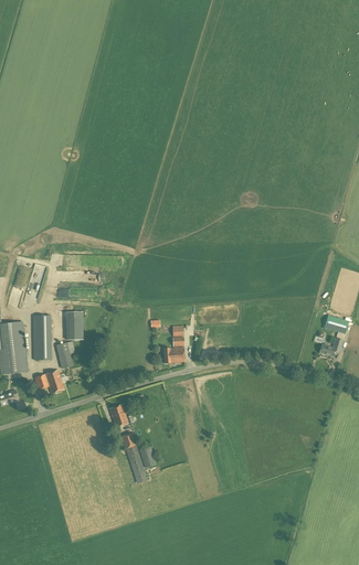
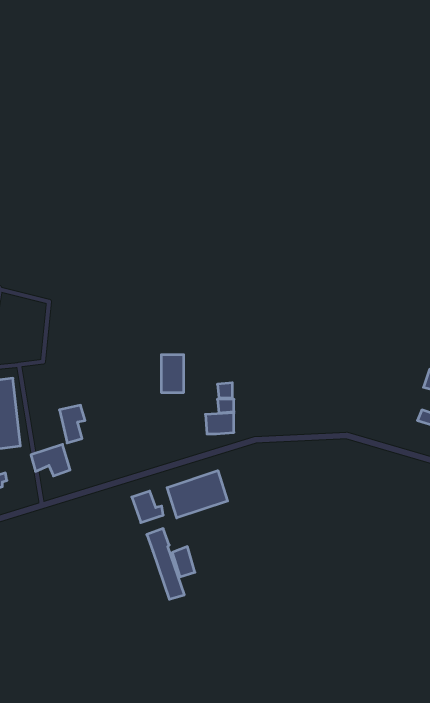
building: [65,311,82,339] -> [161,355,184,392]
building: [32,315,51,360] -> none
building: none -> [167,471,228,518]

